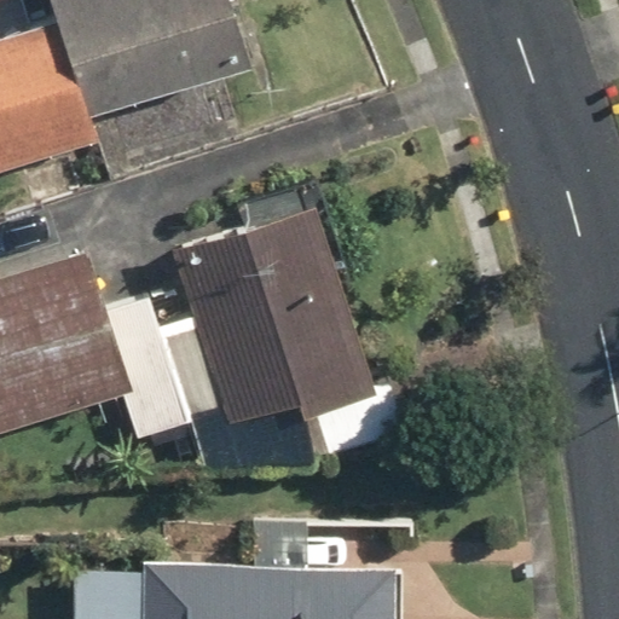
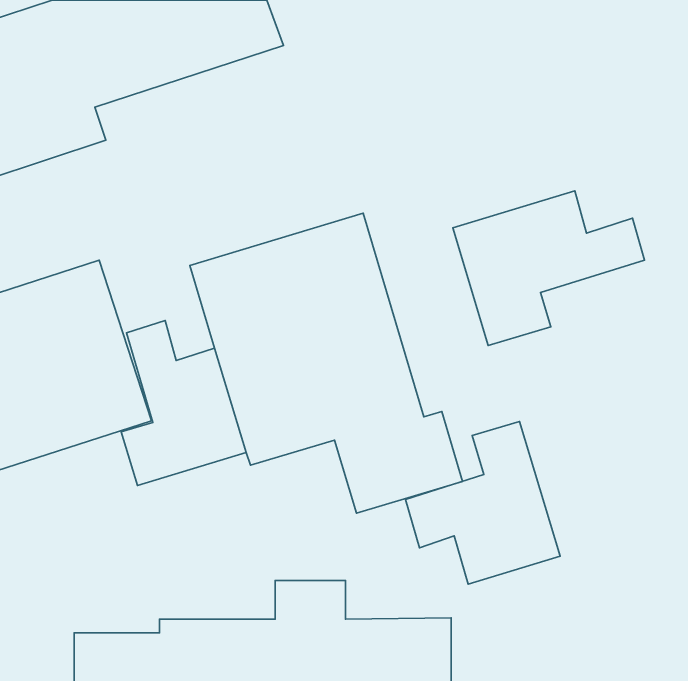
building: none -> [453,191,644,345]
building: none -> [406,421,560,584]

